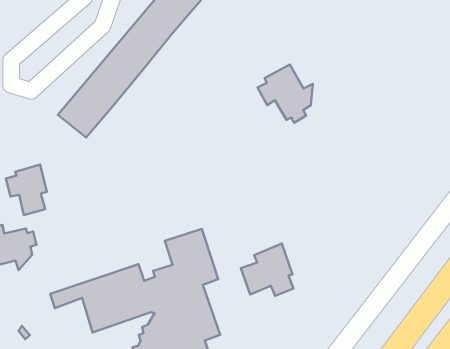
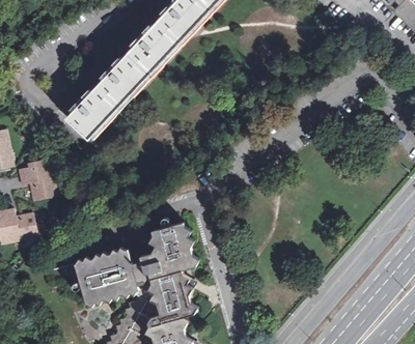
building: [257,64,313,123] -> none
building: [241,244,293,296] -> none

